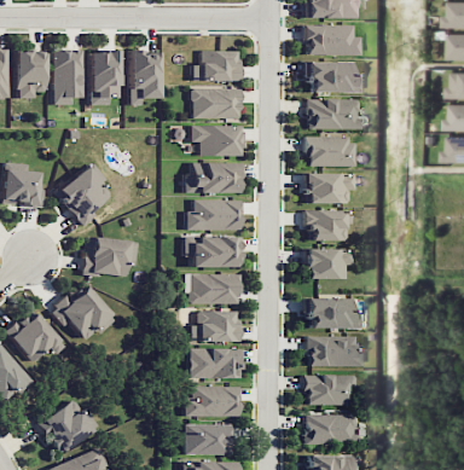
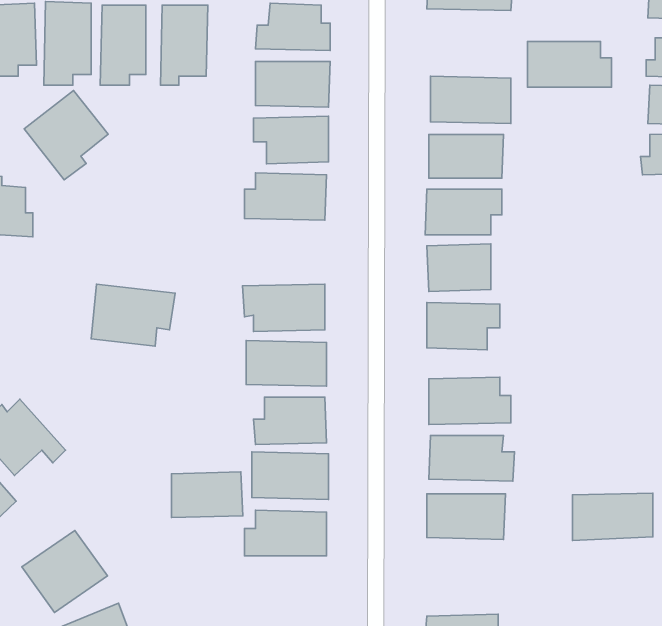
building: [306,62,361,92] -> [527,41,611,87]
building: [54,166,110,225] -> [24,90,108,180]
building: [185,199,239,230] -> none
building: [50,283,115,340] -> none
building: [303,413,356,445] -> [573,493,653,541]
building: [185,423,232,453] -> [172,472,243,518]

